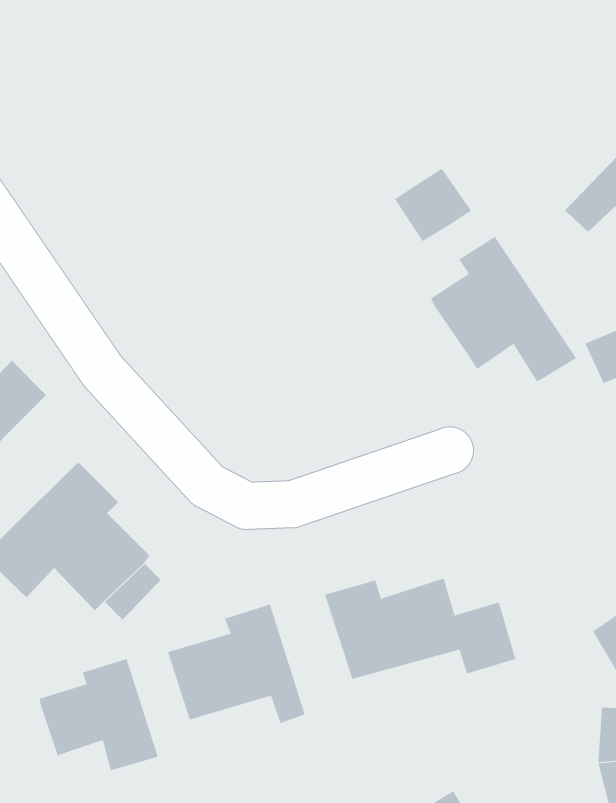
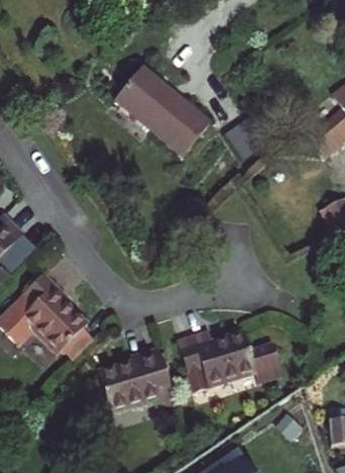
building: none -> [110,52,206,144]
building: [430,236,577,382] -> none
building: [39,658,159,771] -> none

